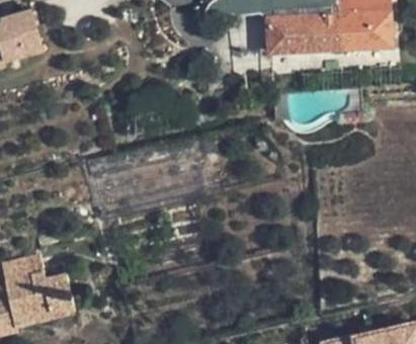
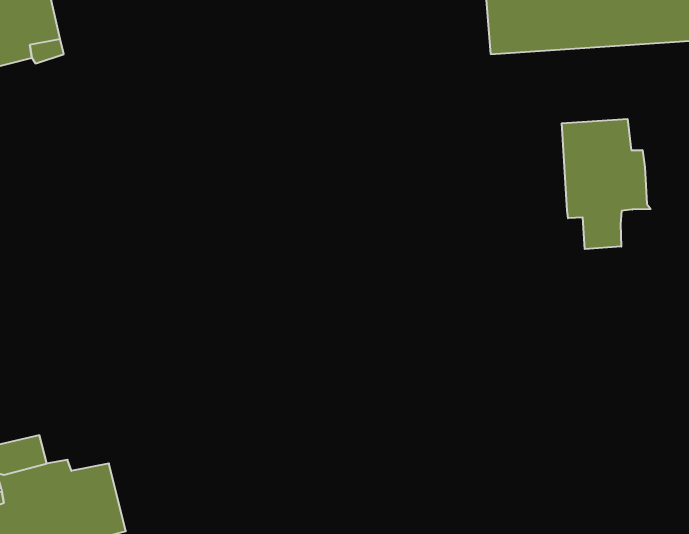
building: none -> [562,119,651,249]

